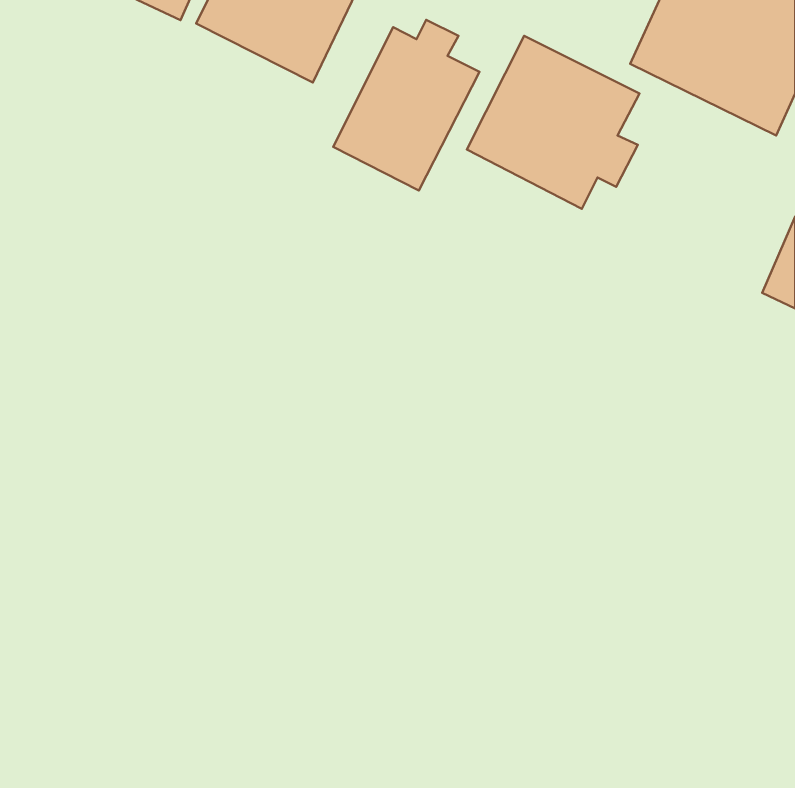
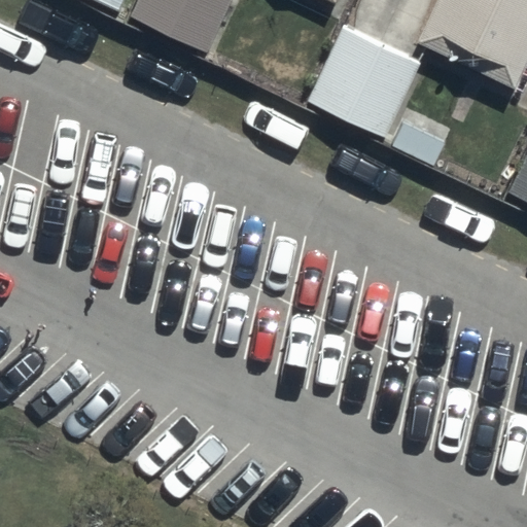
building: [333,20,479,190] -> none

